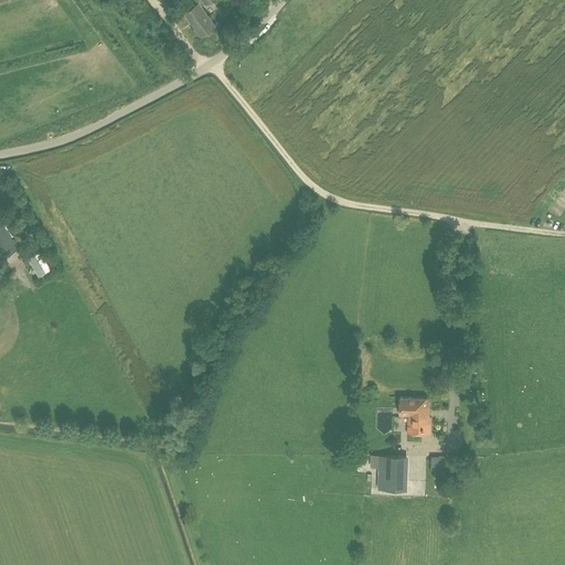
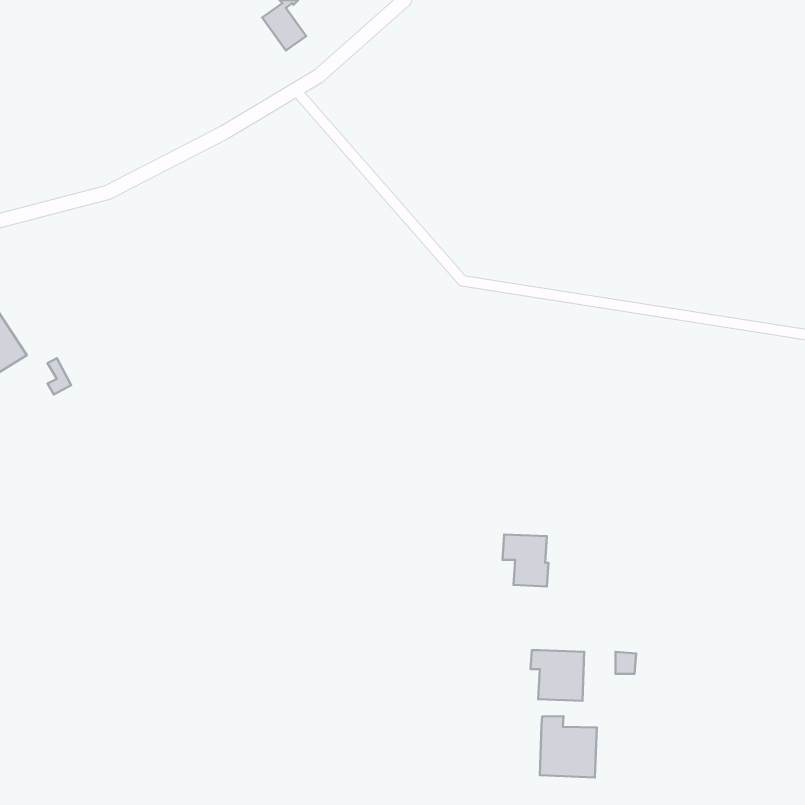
building: [398,398,430,435] -> [503,534,548,587]
building: none -> [540,716,597,777]

